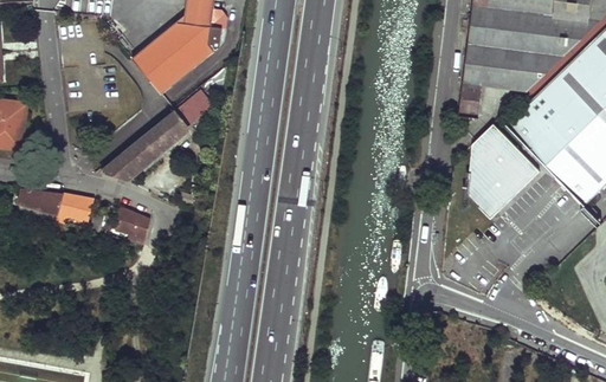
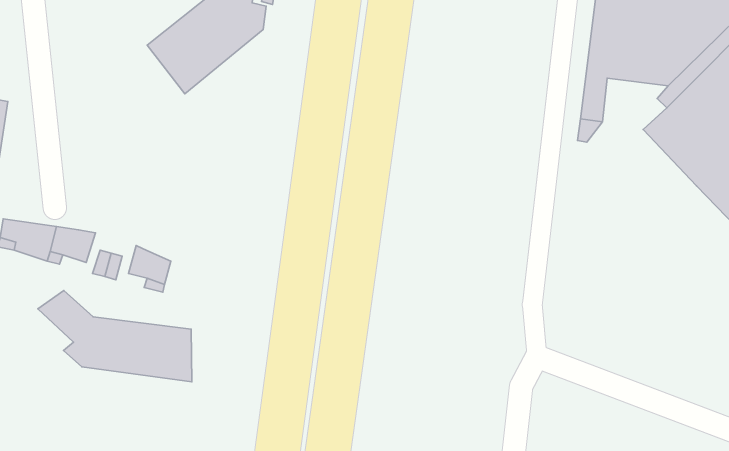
building: [101,88,213,179] -> none
building: [468,116,548,219] -> none
building: none -> [38,290,192,382]

